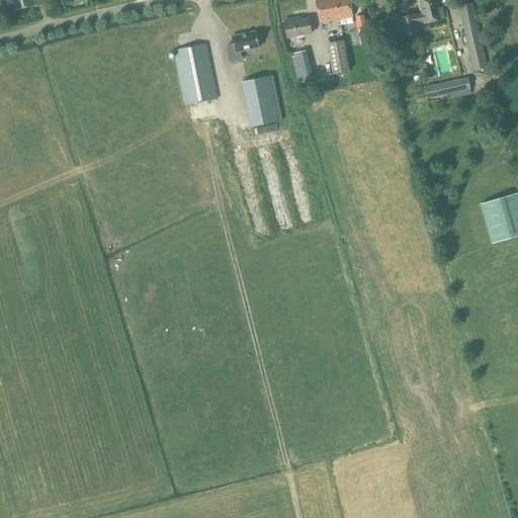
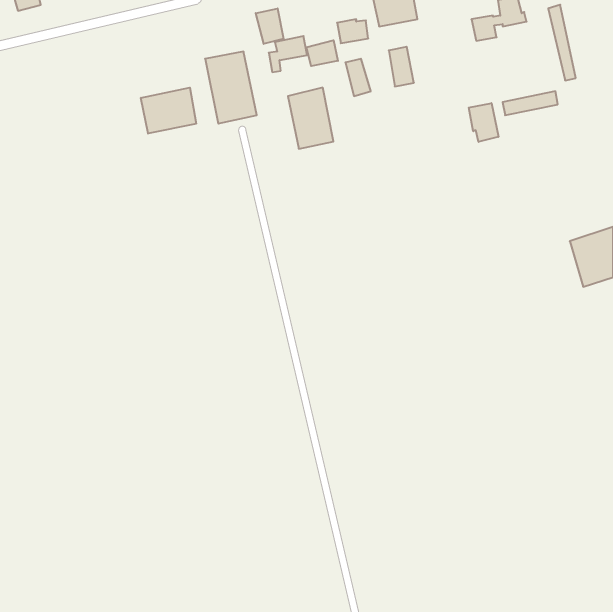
building: none -> [256,8,283,44]
building: none -> [306,40,338,66]
building: none -> [141,88,196,134]
building: none -> [469,103,498,142]

